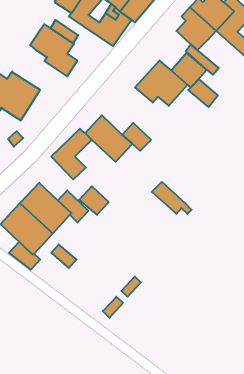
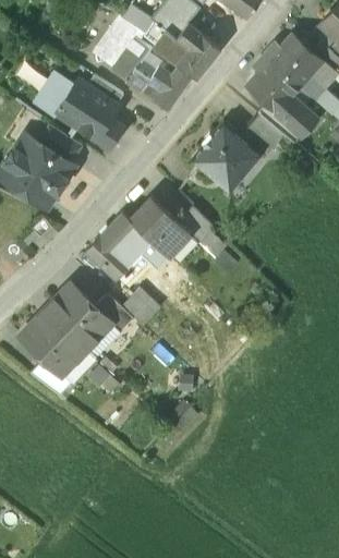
building: none -> [36,73,73,117]
building: none -> [37,124,82,162]
building: [188,79,218,107] -> [276,99,314,135]
building: [152,182,192,214] -> [126,229,178,270]

